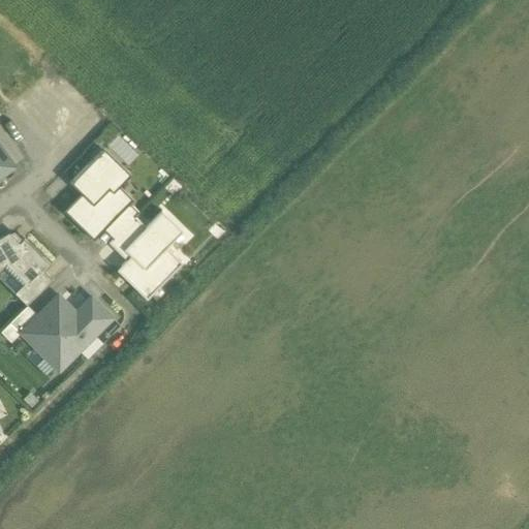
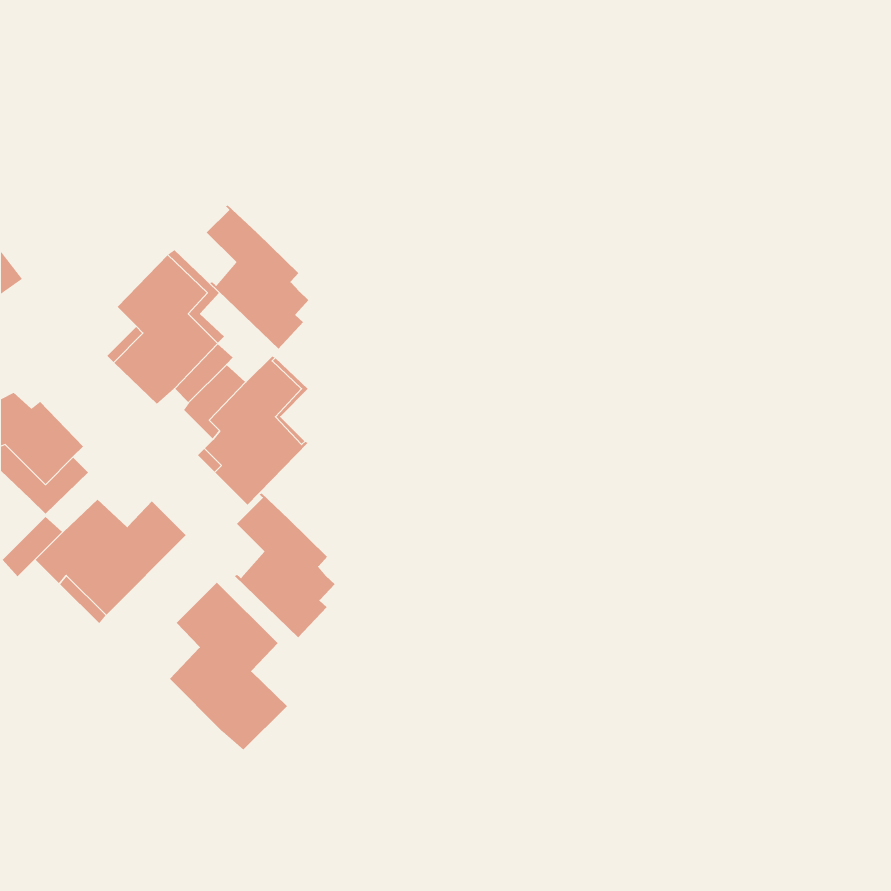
building: none -> [206,205,309,349]
building: none -> [234,493,335,638]
building: none -> [169,582,288,751]

